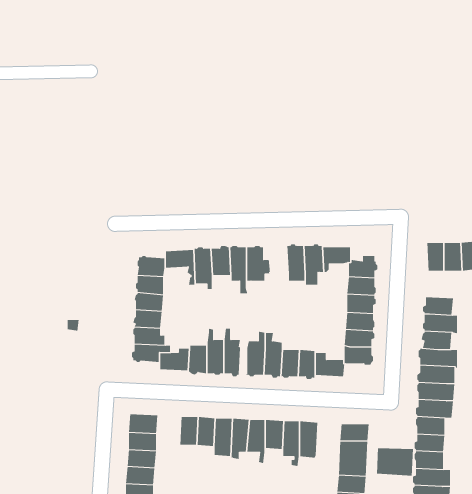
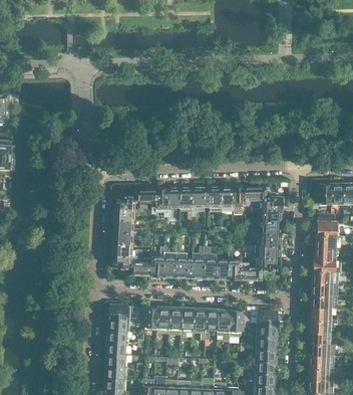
building: none -> [204,186,221,218]
building: [377,447,413,477] -> none

